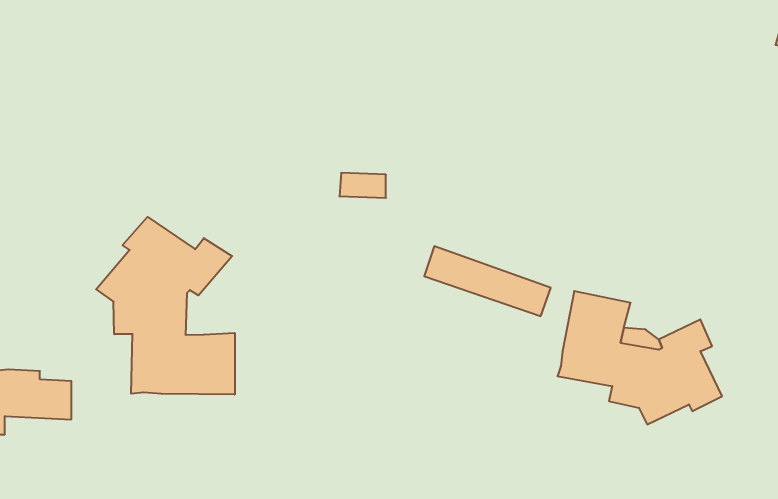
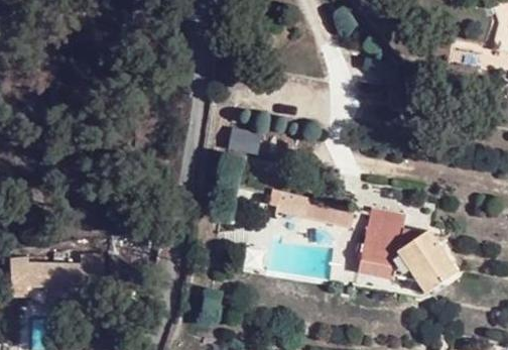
building: [96,217,235,395] -> none

